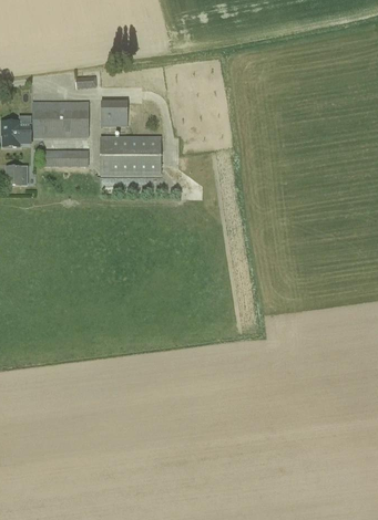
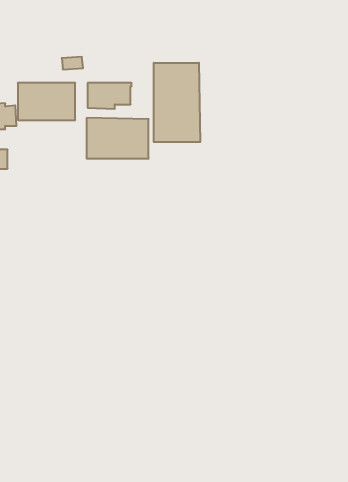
building: none -> [154,63,200,142]
building: [43,149,88,166] -> none

